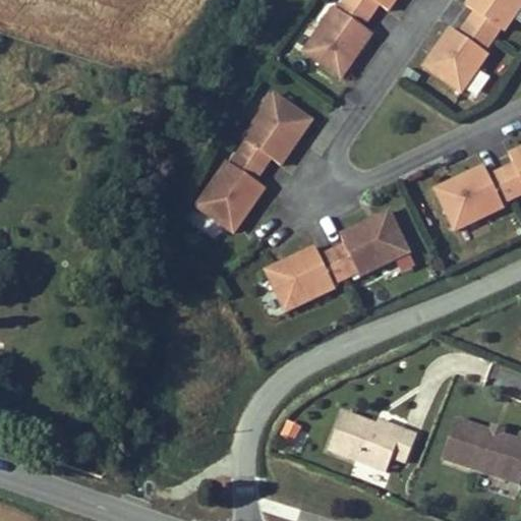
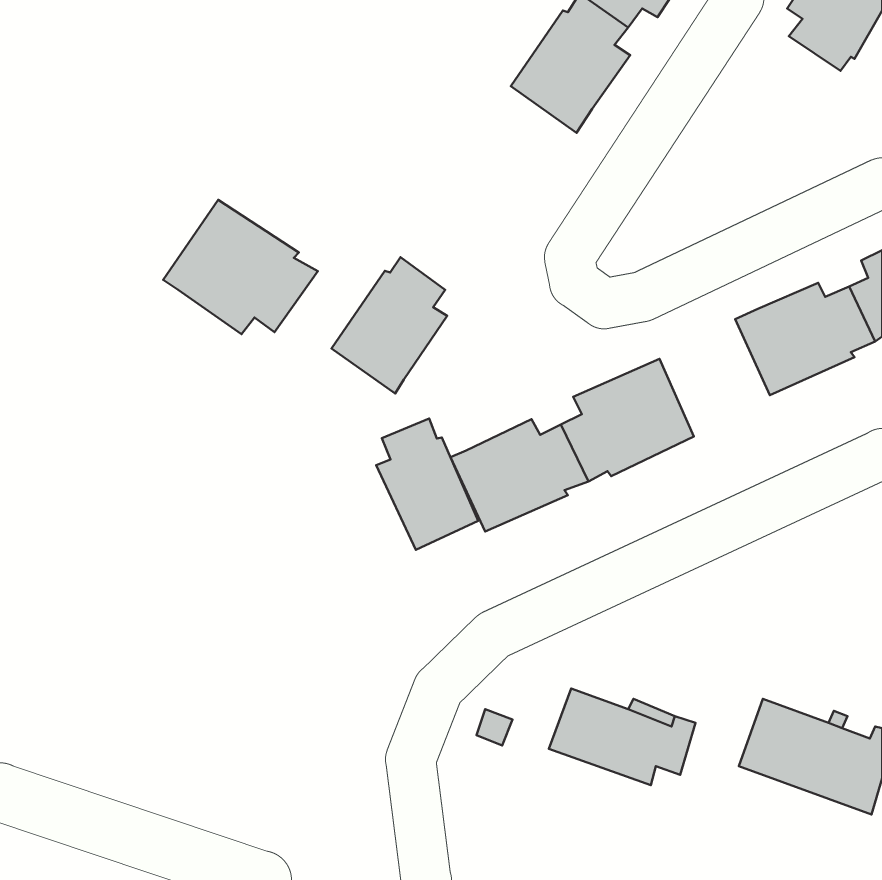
building: [422,21,496,94] -> none
building: [236,92,312,171] -> none
building: none -> [163,200,318,334]
building: none -> [376,419,478,550]

